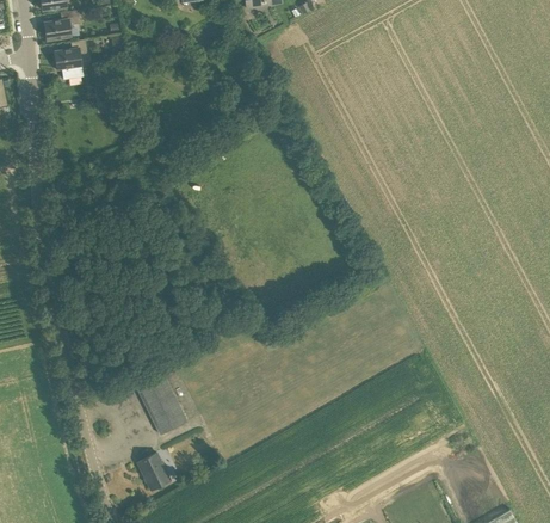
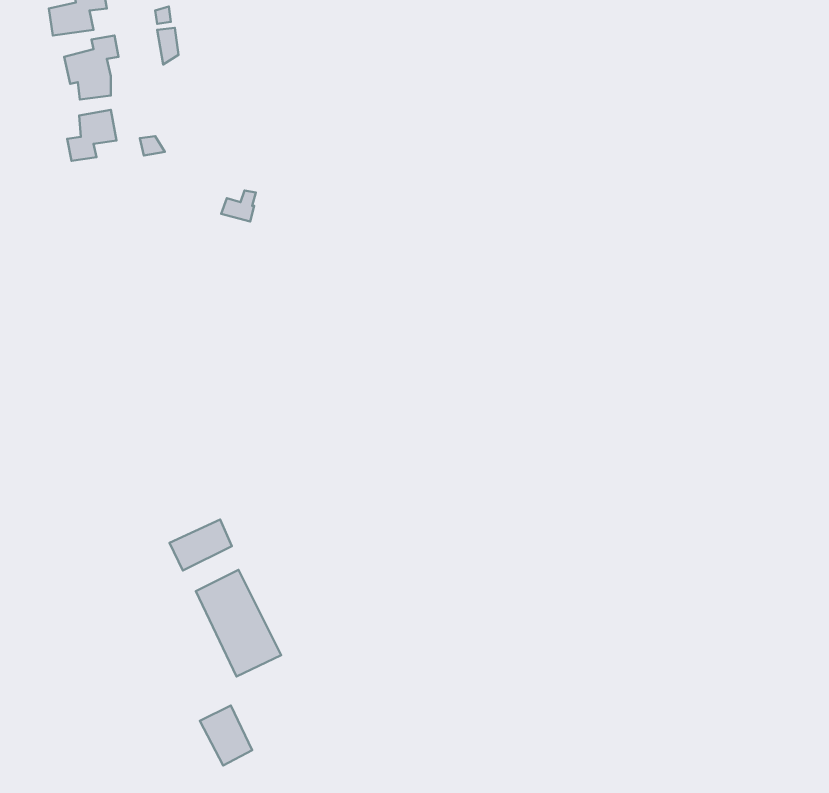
building: none -> [67,110,117,161]
building: none -> [170,520,232,571]

